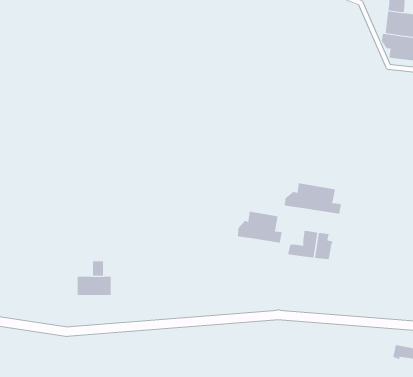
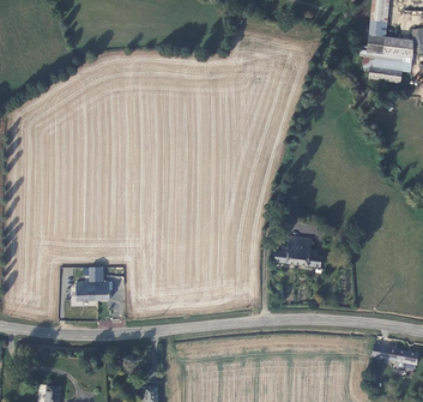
building: [284,182,341,215] -> none
building: [237,211,282,243] -> none

